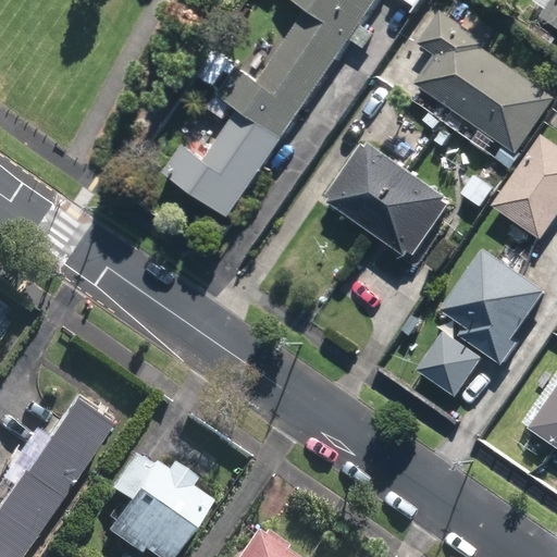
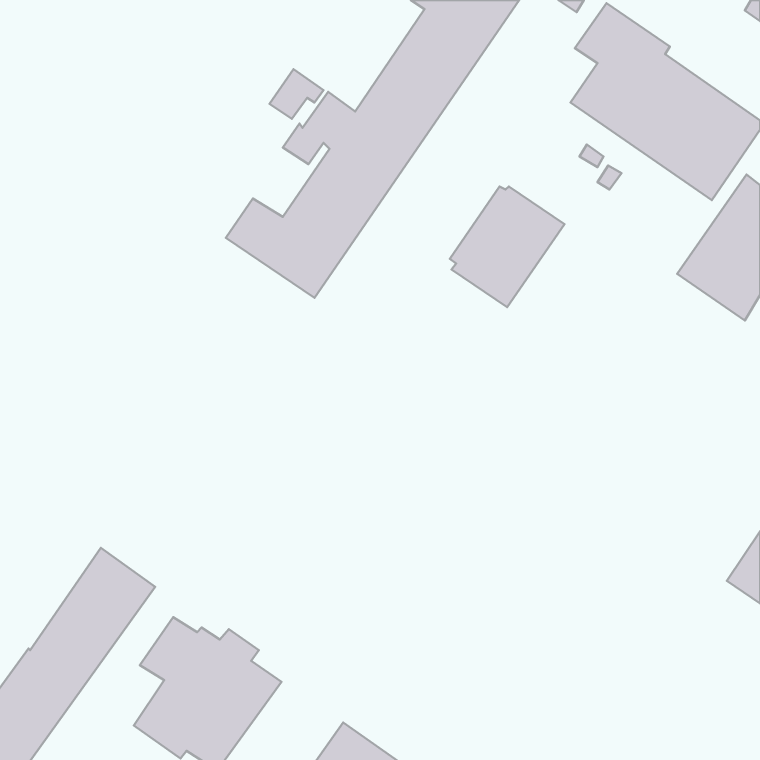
building: [367,169,449,256] -> none
building: [440,246,544,362] -> none
building: [413,329,481,395] -> none

